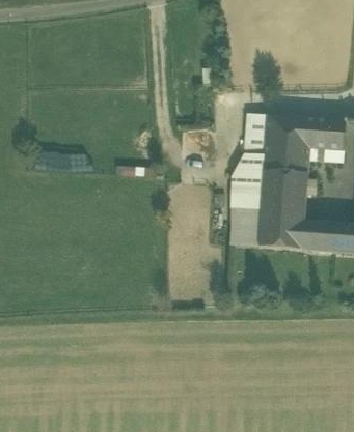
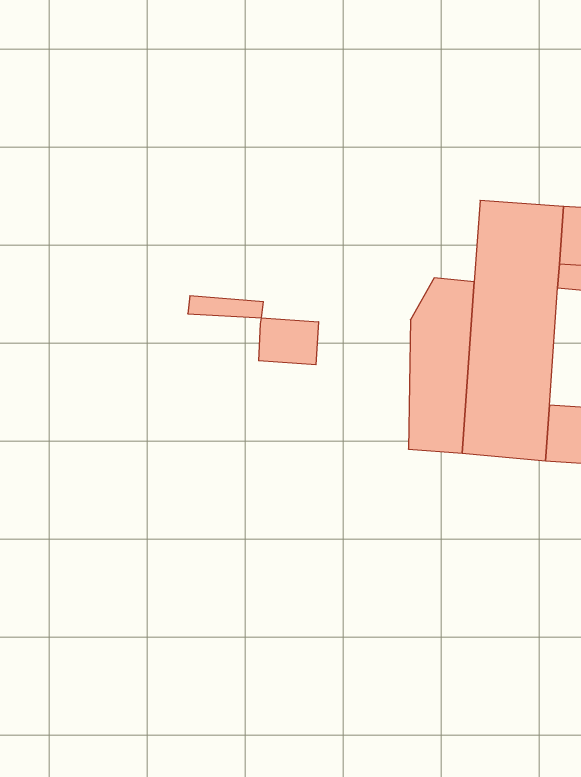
building: [243,111,267,155] -> none
building: none -> [259,318,319,365]

